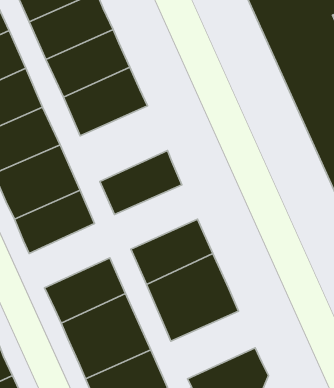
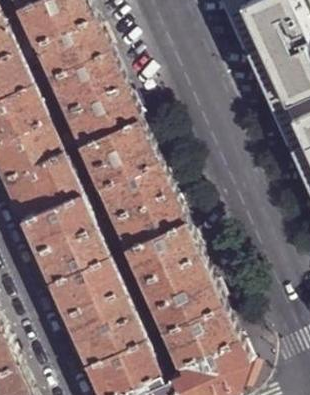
building: none -> [80,119,159,187]
building: none -> [111,190,186,248]
building: none -> [34,225,107,283]
building: none -> [162,304,238,365]

